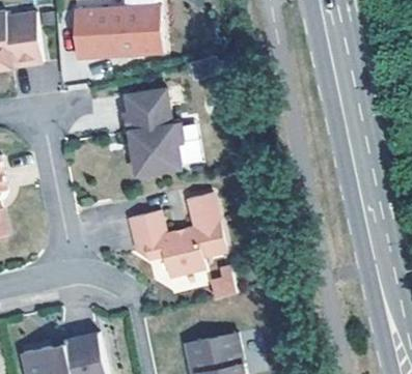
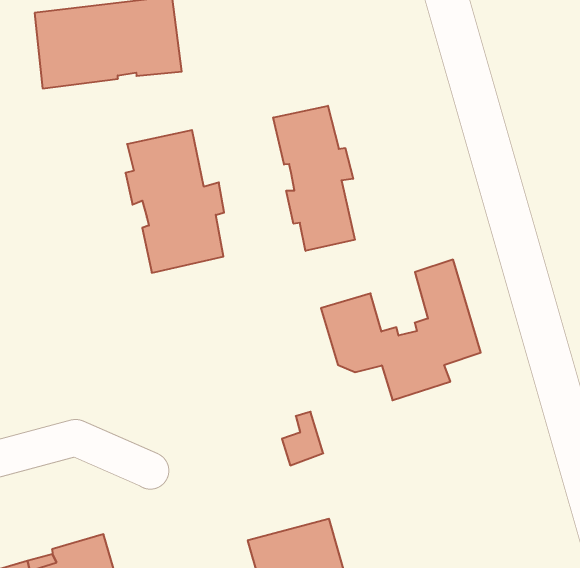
building: none -> [273,106,355,251]
building: [129,192,225,276] -> [321,260,481,400]

